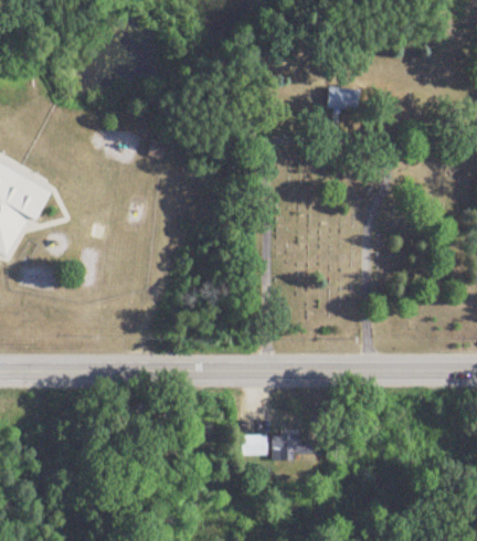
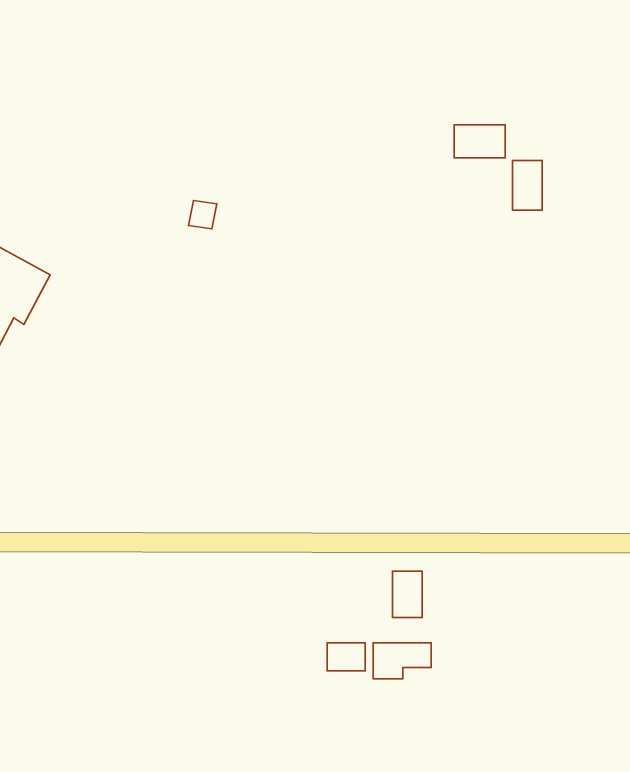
building: none -> [513,160,542,210]
building: none -> [393,571,422,618]

